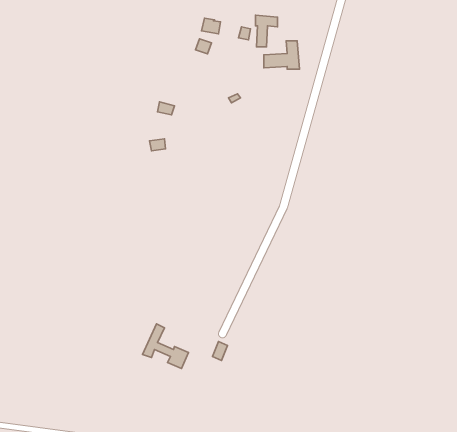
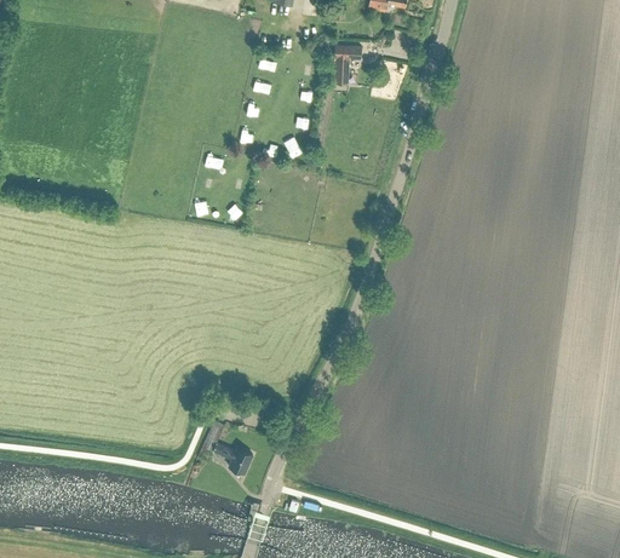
building: [264,41,300,69] -> none

